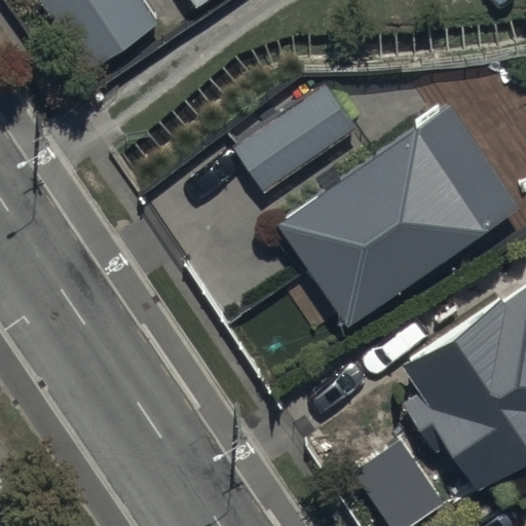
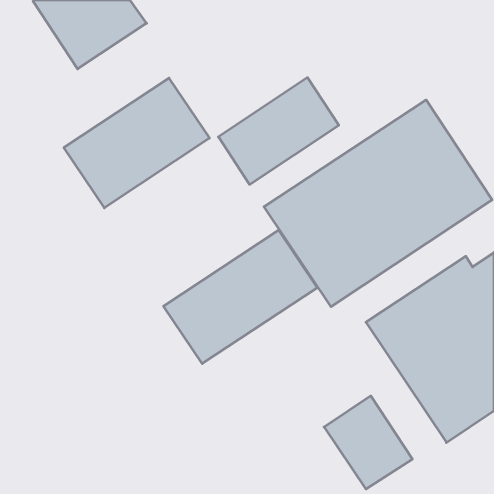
building: none -> [64,78,209,208]
building: none -> [164,230,317,364]

